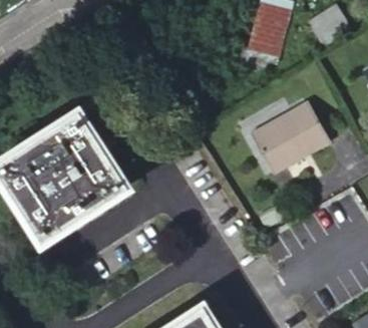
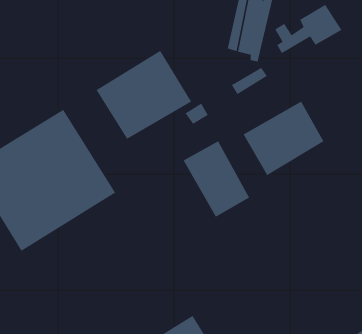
building: none -> [95,50,192,140]
building: none -> [183,140,250,218]

